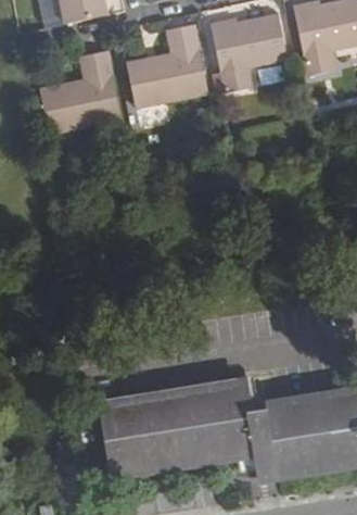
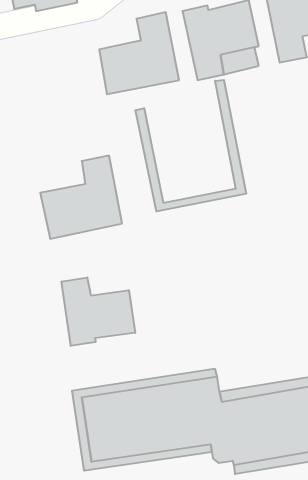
building: [39,50,120,133] -> [40,156,122,239]
building: none -> [136,80,246,211]
building: none -> [61,277,135,346]

